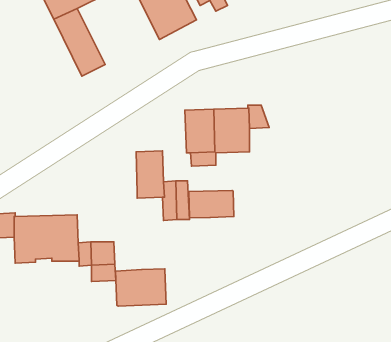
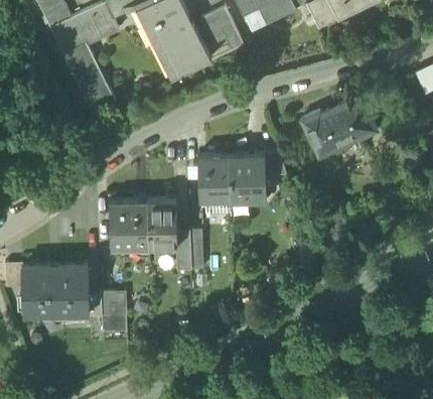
building: none -> [302,93,377,155]
building: none -> [109,197,149,247]
building: [189,190,234,218] -> none
building: [116,269,166,306] -> none

